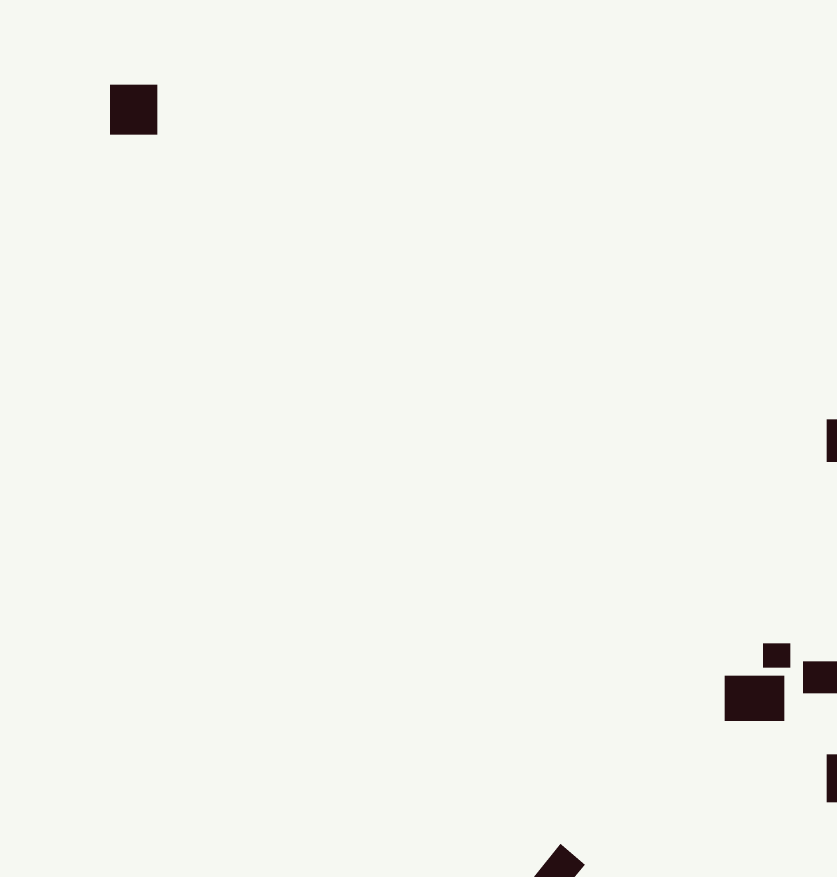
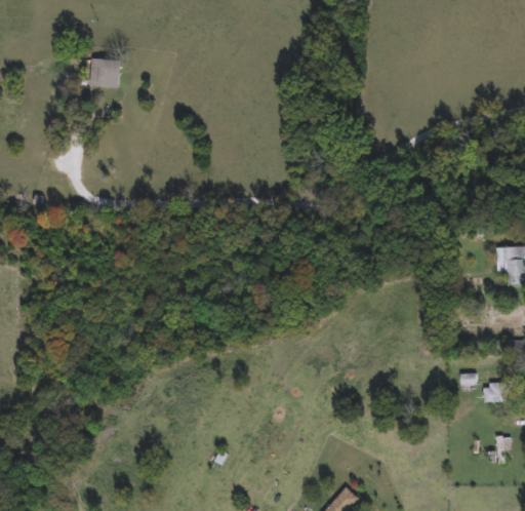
building: [724,675,785,722] -> none

